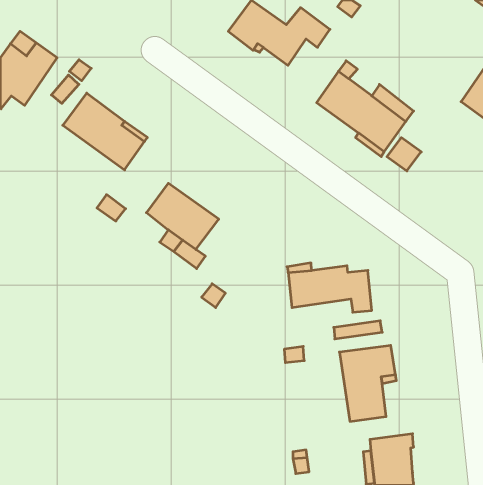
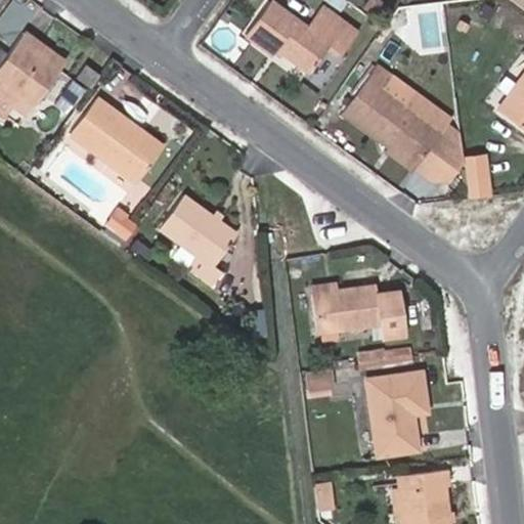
building: none -> [466,158,491,198]

